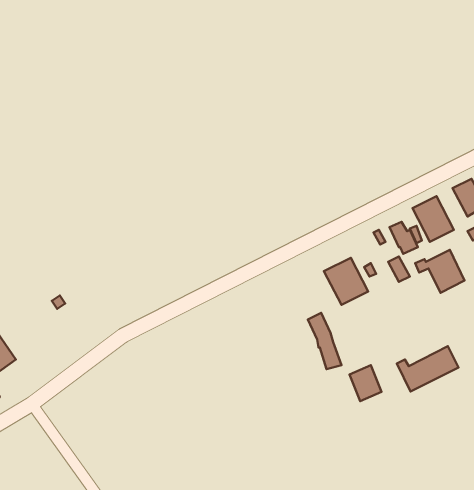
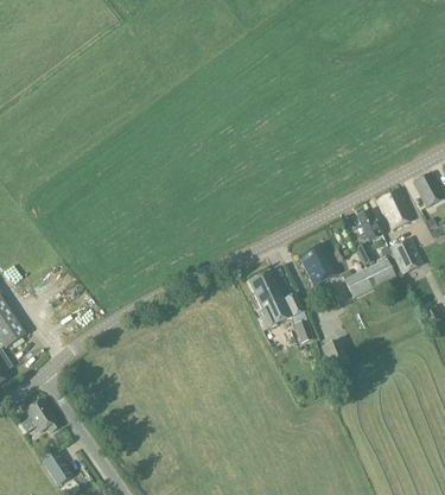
building: none -> [247,271,290,329]
building: [397,346,459,392] -> [339,256,394,297]
building: none -> [24,399,57,431]

